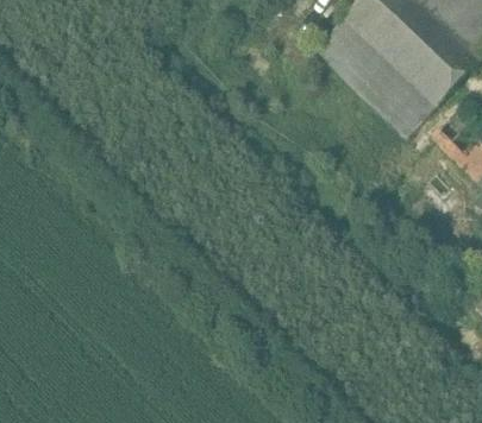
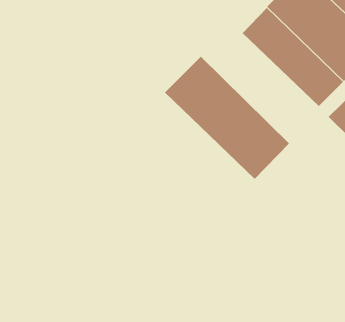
building: none -> [164,56,290,180]

